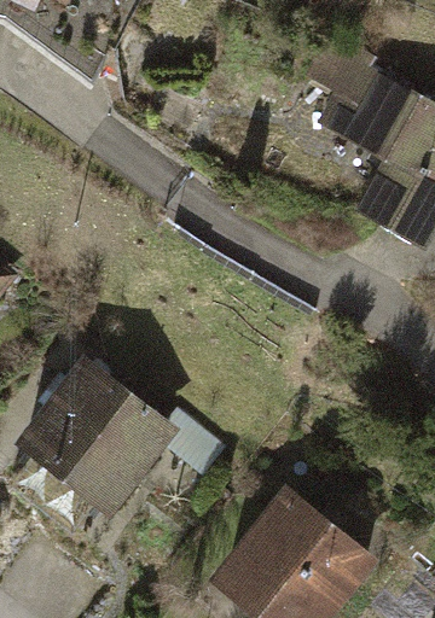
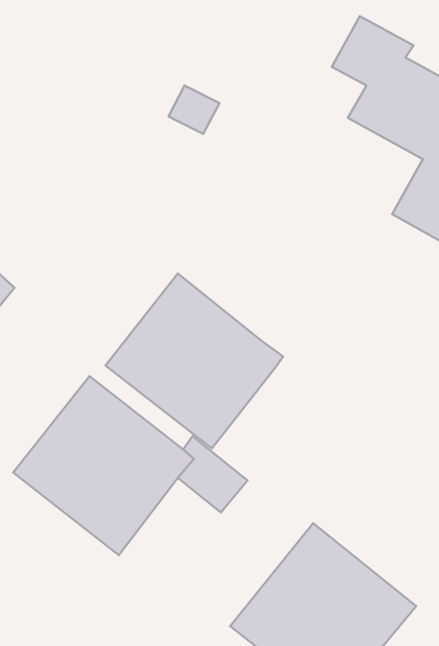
building: none -> [106,273,283,448]

